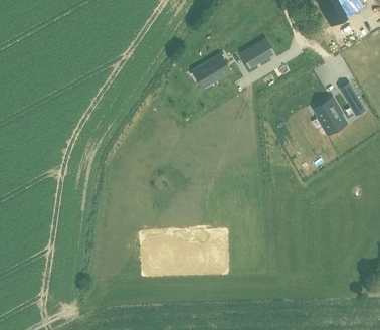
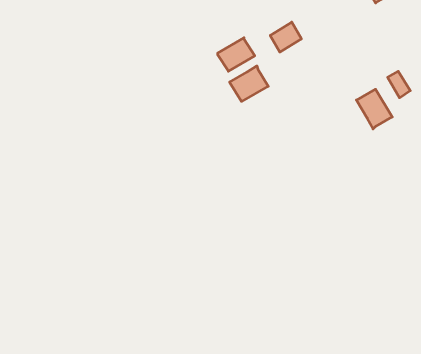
building: none -> [230,66,268,101]

